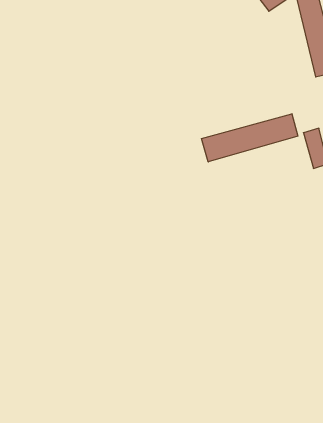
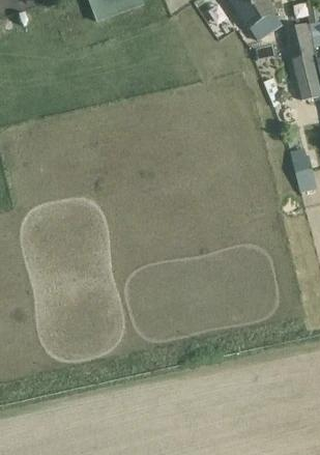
building: [202,114,298,162] -> none

